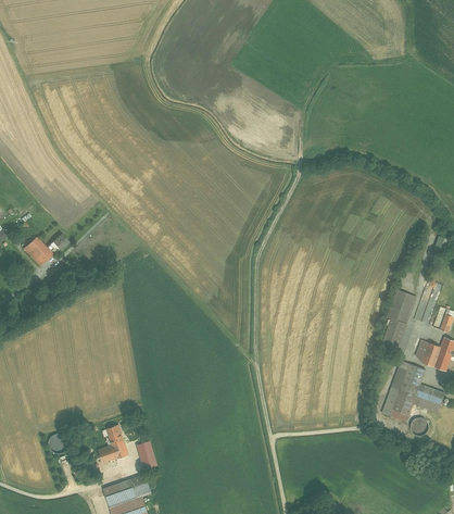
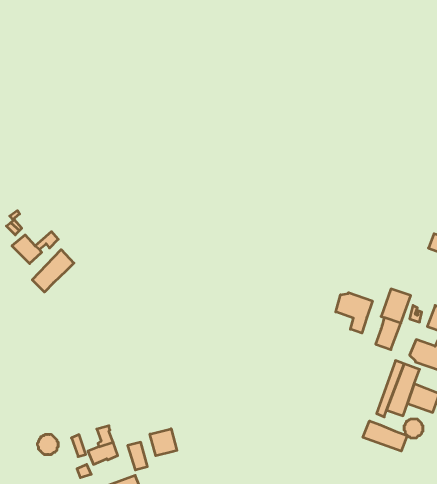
building: none -> [32,250,74,292]
building: none -> [336,293,372,333]
building: none -> [363,421,407,451]
building: none -> [150,429,177,456]

